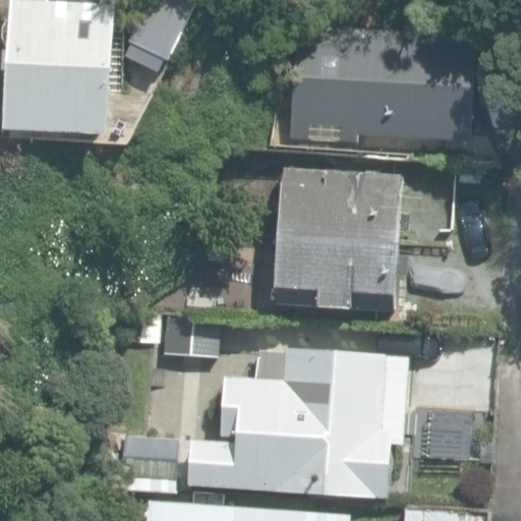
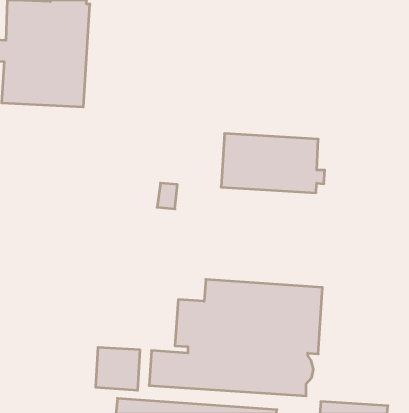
building: [289,27,474,144] -> none
building: [274,236,406,312] -> none

